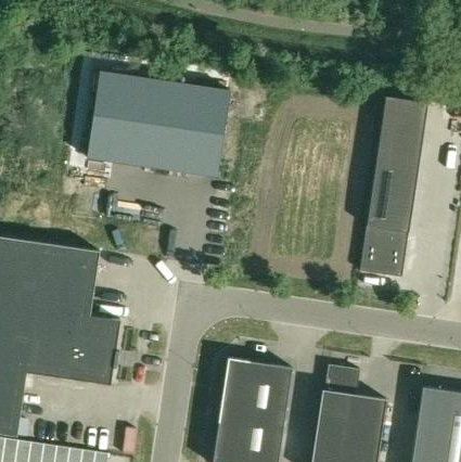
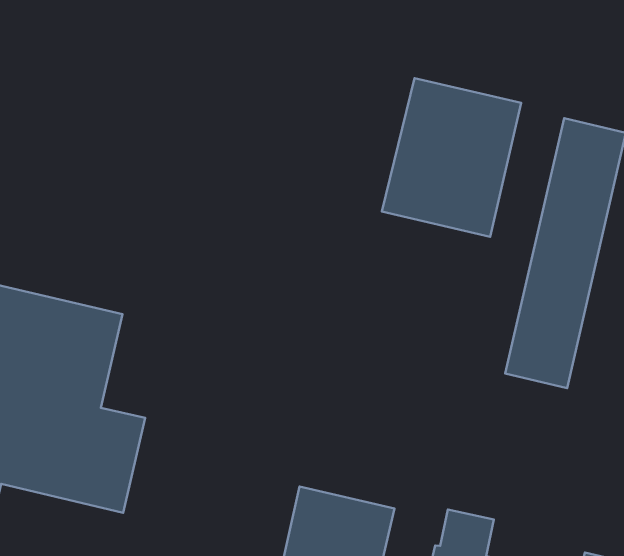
building: [87,72,230,178] -> none
building: none -> [382,78,521,237]

